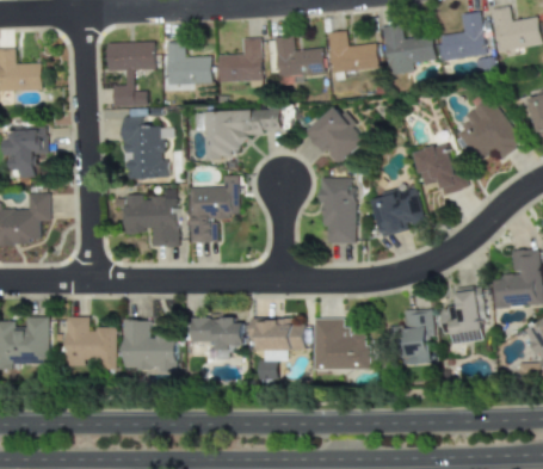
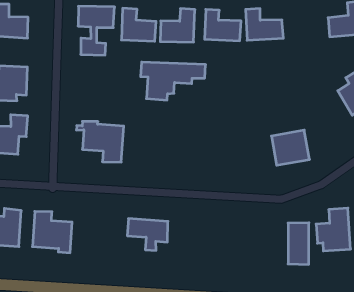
building: [382,23,434,74] -> none
building: [306,104,366,162] -> none
building: [122,116,166,178] -> none
building: [413,142,468,193] -> none
building: [187,174,239,242] -> none
building: [322,177,354,242] -> none
building: [251,317,306,379] -> none
building: [314,317,369,370] -> none
building: [123,320,177,370] -> none

